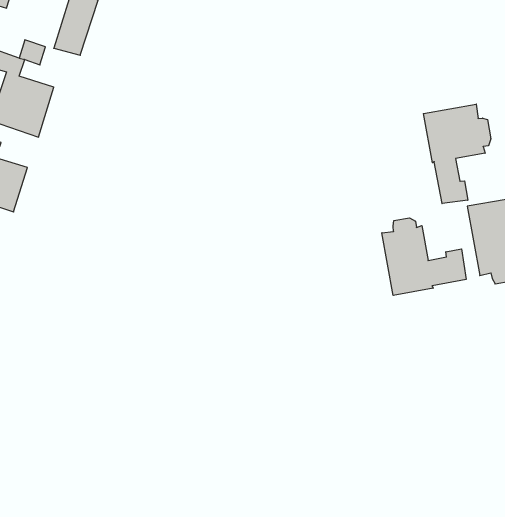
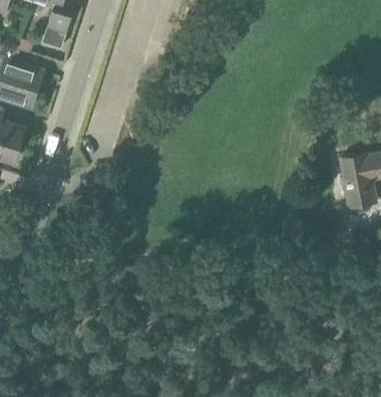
building: [423,104,491,204] -> none
building: [382,218,466,295] -> none

